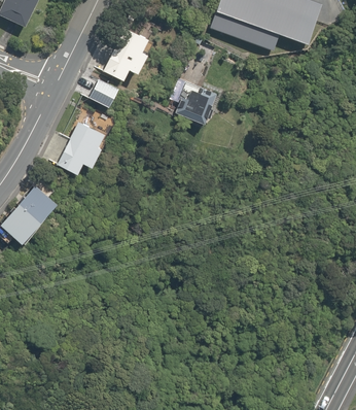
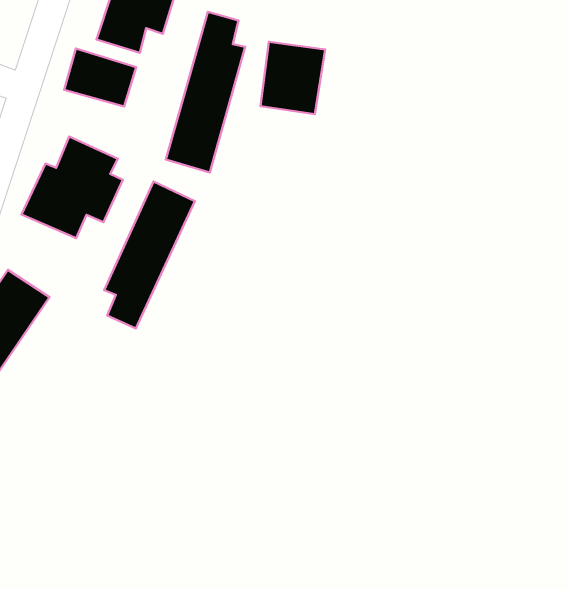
building: none -> [166,12,245,173]
building: none -> [104,182,195,328]

